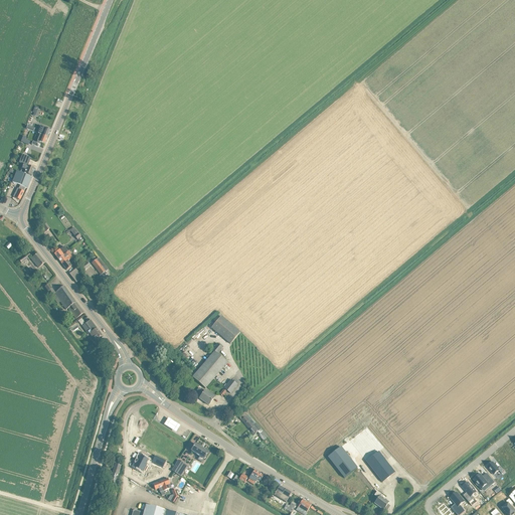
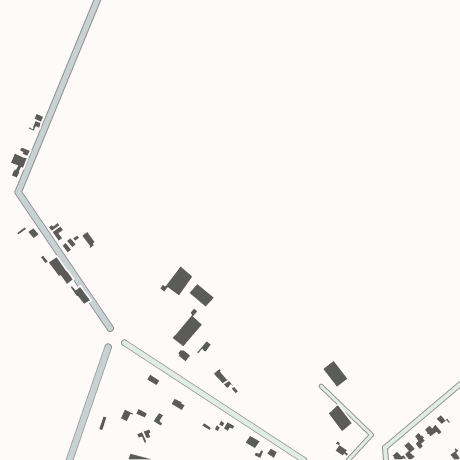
building: none -> [159,265,193,297]
building: [327,447,356,478] -> [322,360,348,388]

